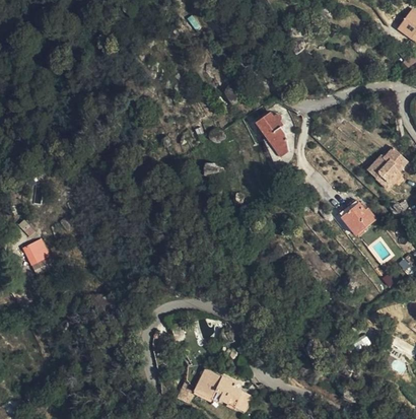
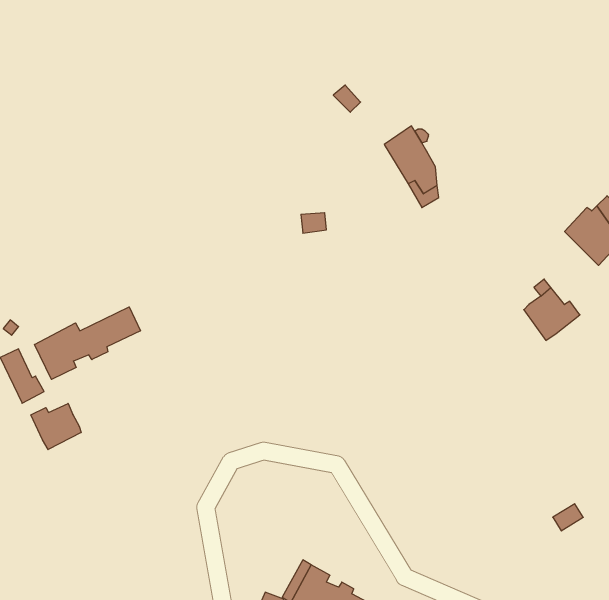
building: none -> [35,307,140,379]
building: none -> [31,403,81,450]

